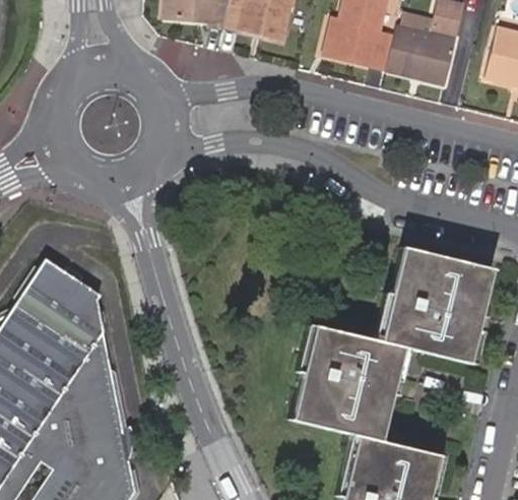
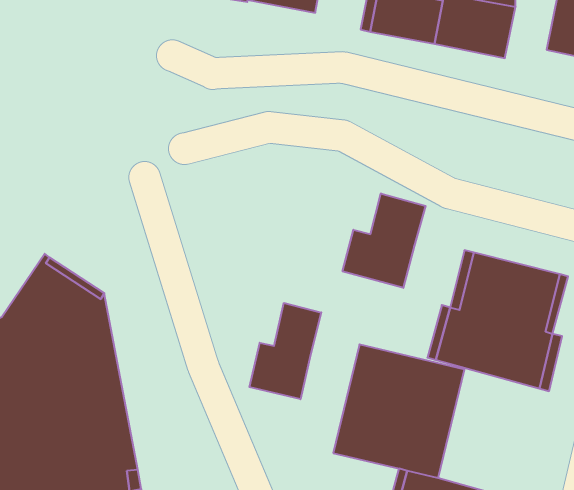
building: none -> [343,193,426,288]
building: none -> [249,303,321,399]

